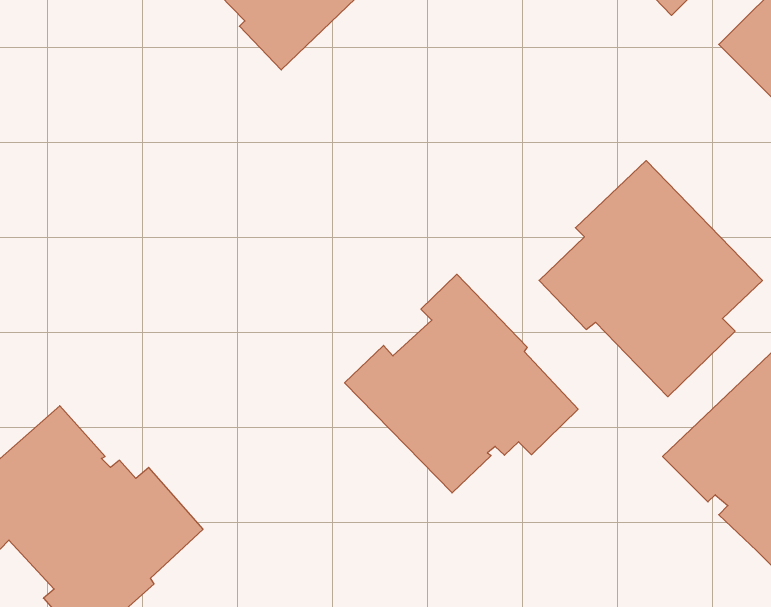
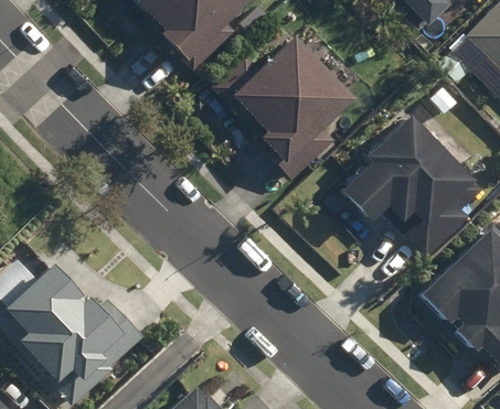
building: none -> [213,36,353,180]
building: [345,274,578,493] -> none

